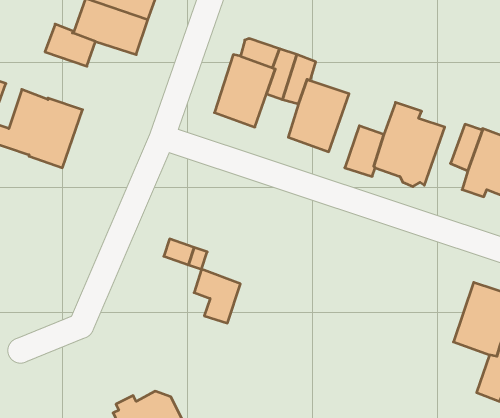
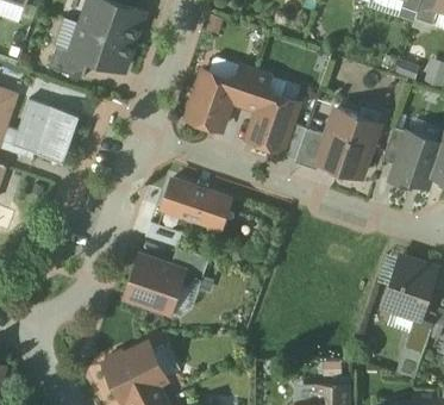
building: none -> [162,179,230,228]
building: none -> [125,255,183,312]

